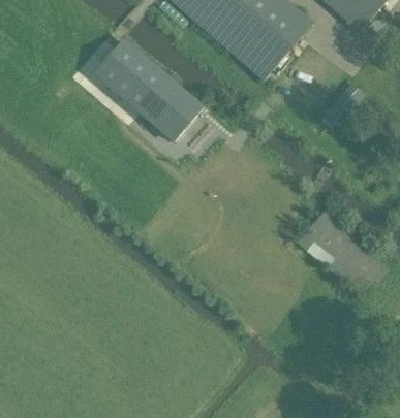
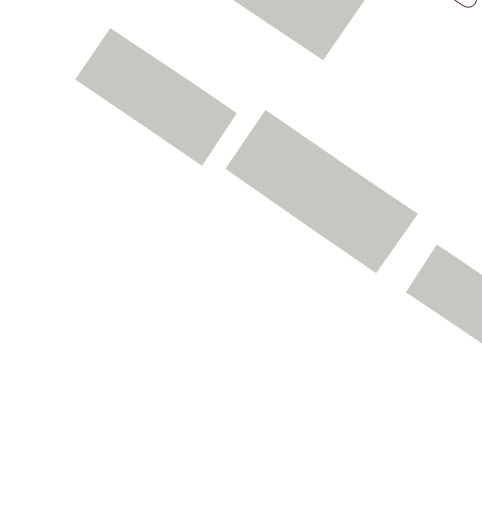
building: none -> [224,109,419,274]

